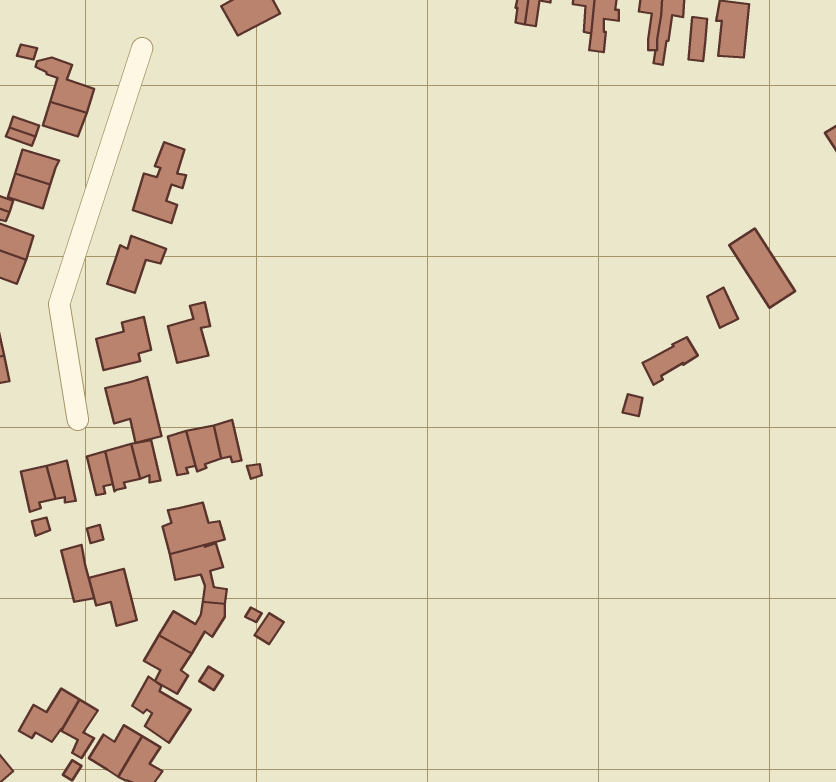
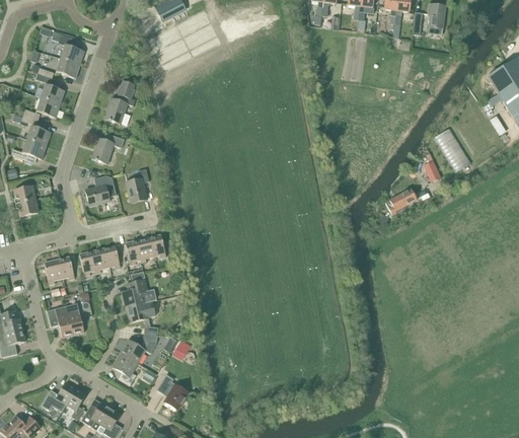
building: [105,377,162,443] -> none
building: [89,569,137,626] -> [47,305,73,337]
building: [132,676,191,743] -> [157,373,190,410]

